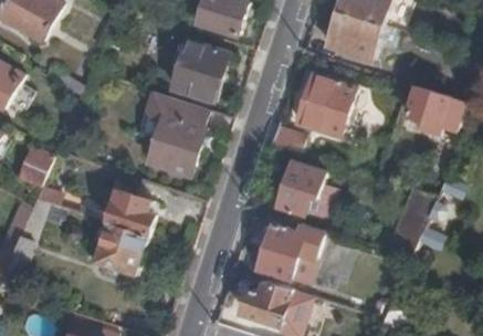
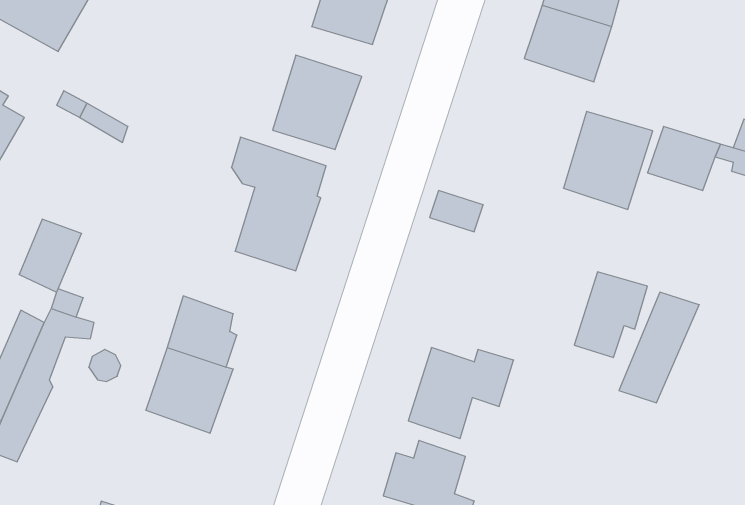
building: [297,75,353,136] -> [563,111,653,209]
building: [277,161,323,214] -> [574,272,647,358]

